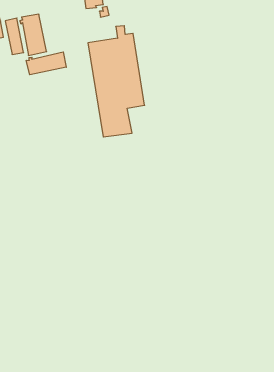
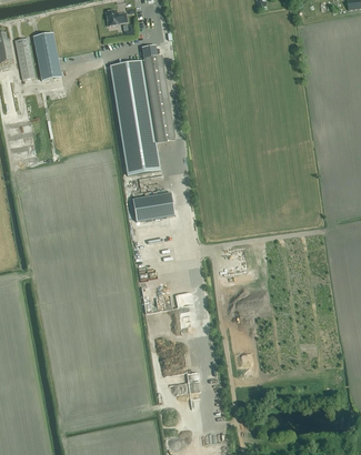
building: [26,52,66,75] -> none
building: none -> [132,192,173,221]

